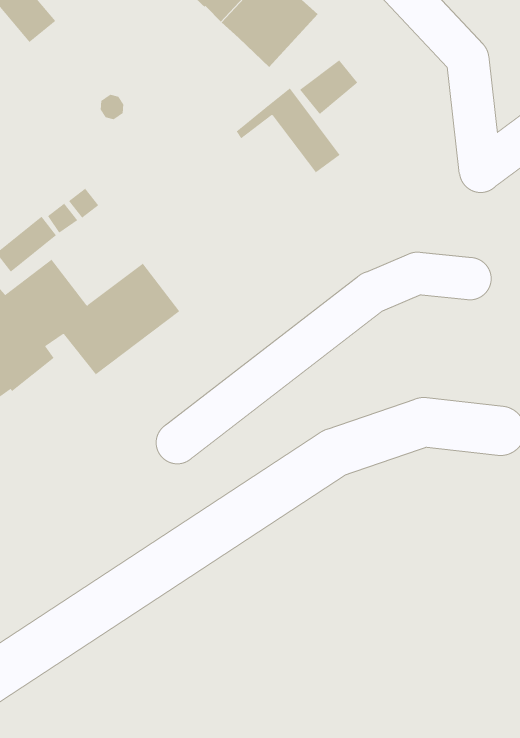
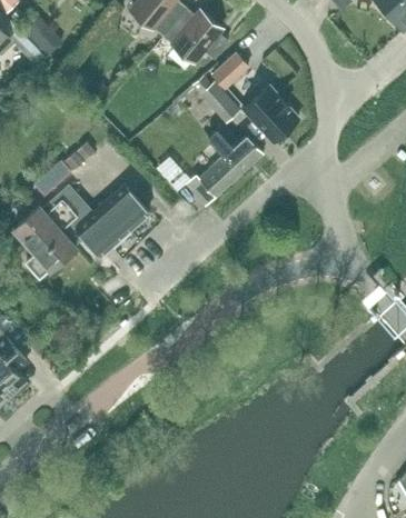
building: none -> [244,87,298,142]
building: none -> [186,124,264,207]

